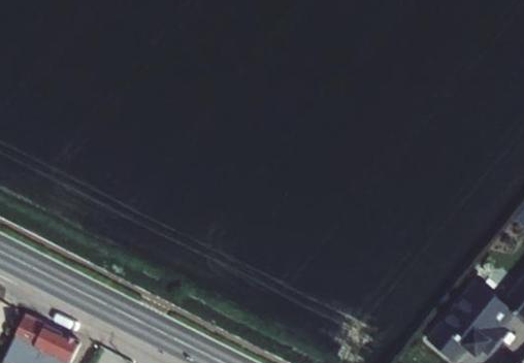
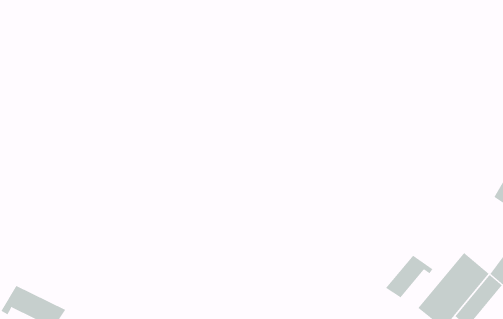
building: none -> [385,255,433,298]

